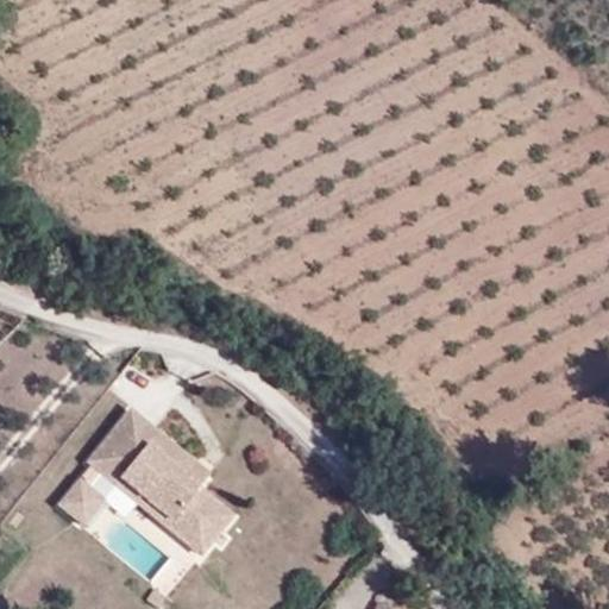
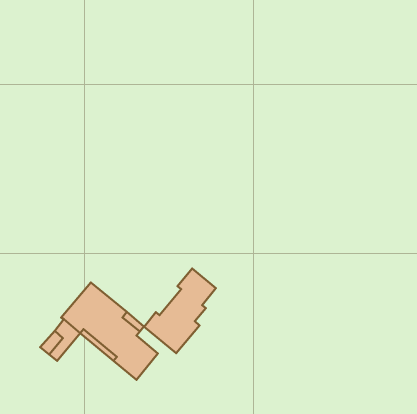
building: none -> [144,268,216,353]

